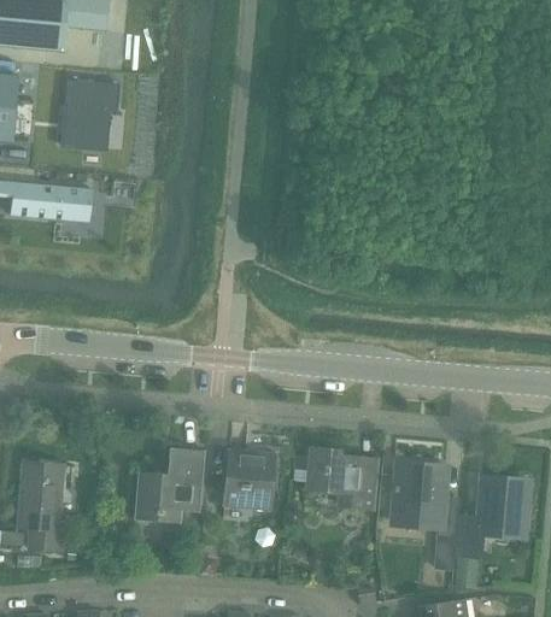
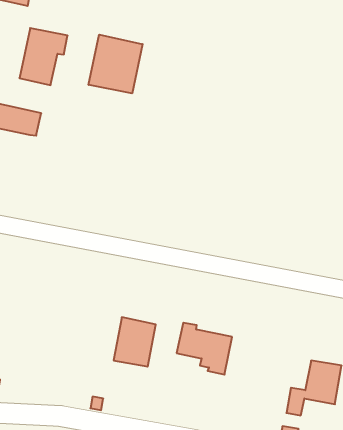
building: none -> [89,35,143,93]
building: [135,447,201,523] -> none
building: [393,464,458,539] -> none

